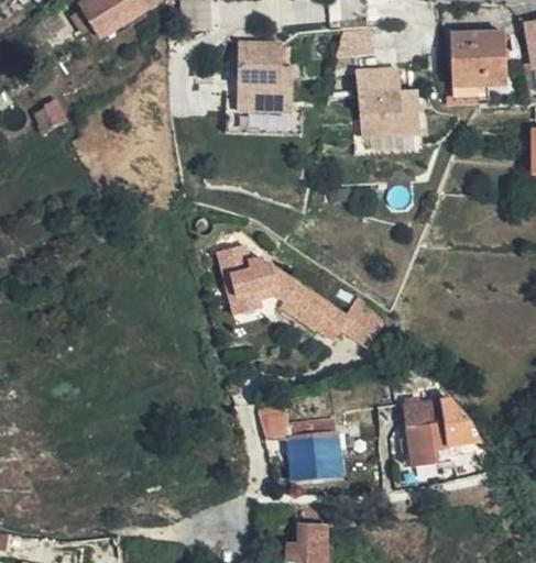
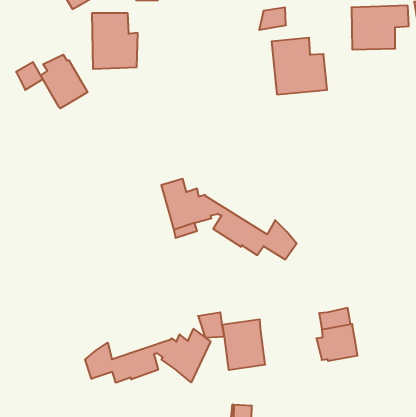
building: [233,46,289,114] -> [92,13,138,69]
building: none -> [41,55,87,108]
building: [444,399,480,446] -> none
building: none -> [85,329,210,383]

